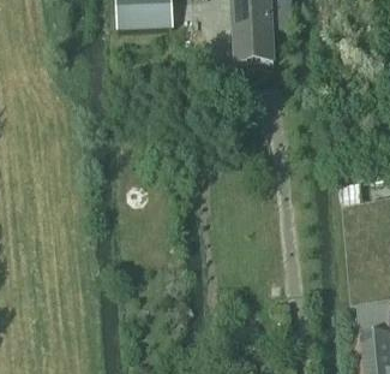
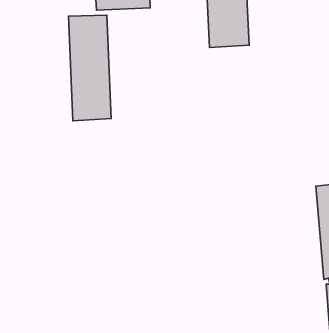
building: none -> [68,15,111,121]

